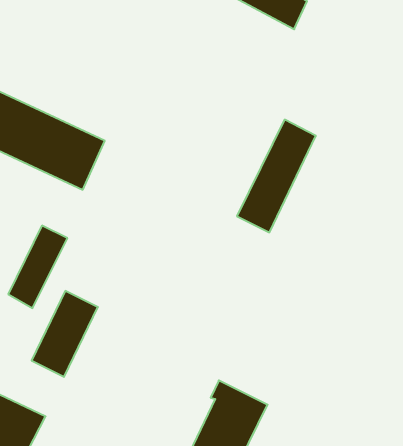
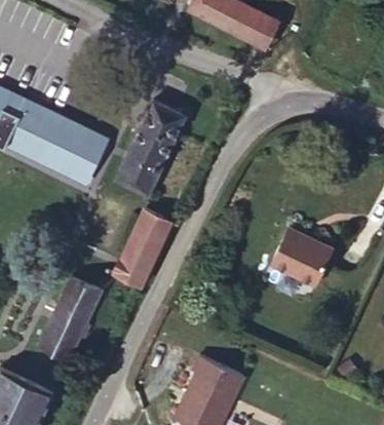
building: [237,120,316,232] -> [115,100,185,199]
building: [8,226,67,308] -> [114,216,166,288]
building: none -> [276,233,339,293]

